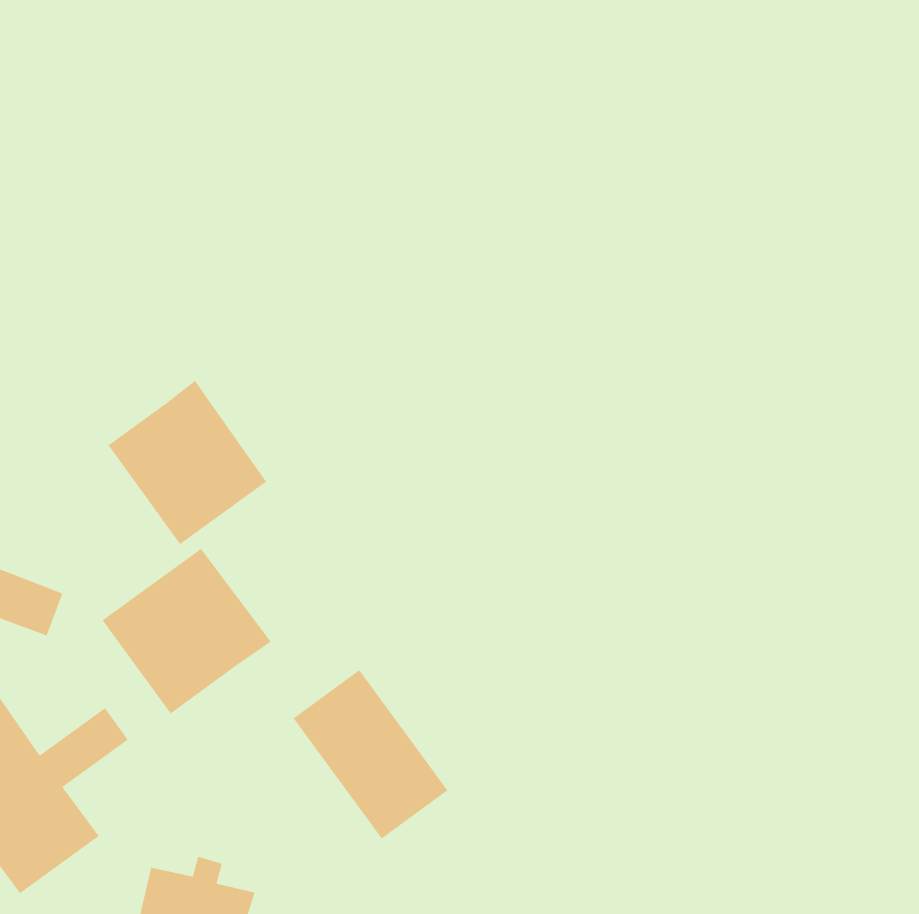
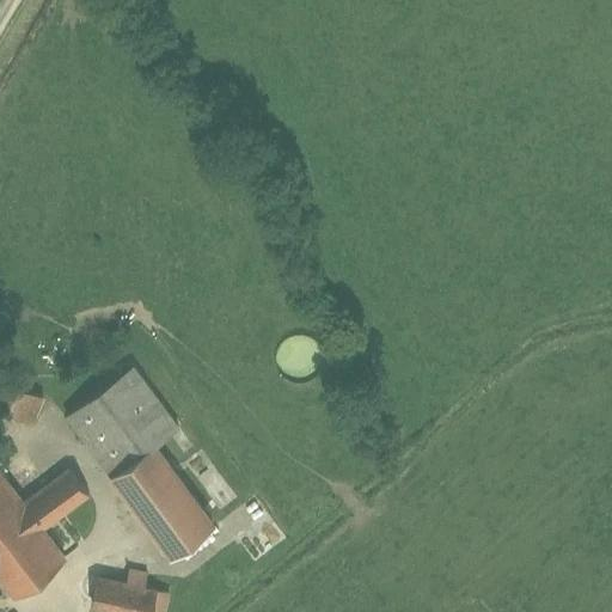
building: [107,380,267,545] -> none
building: [293,669,448,840] -> [112,447,215,559]

